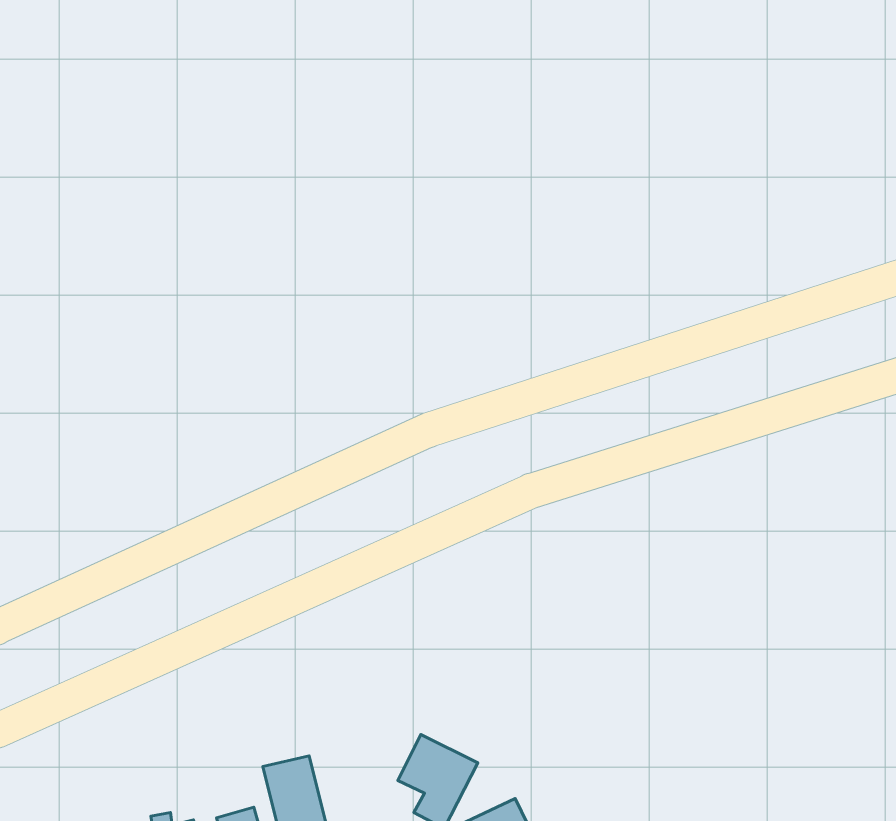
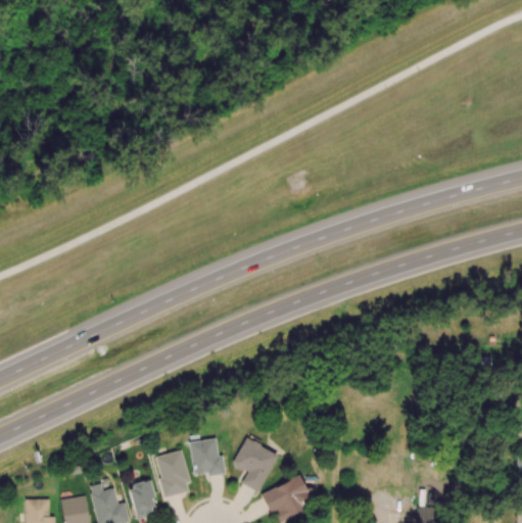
building: none -> [189,438,225,476]

